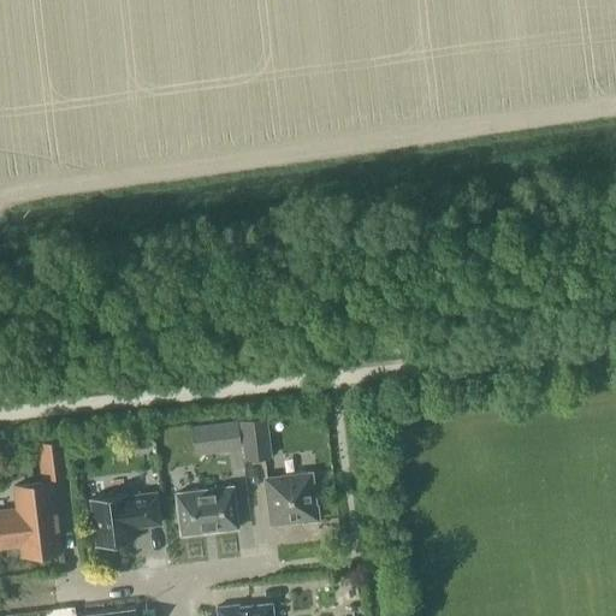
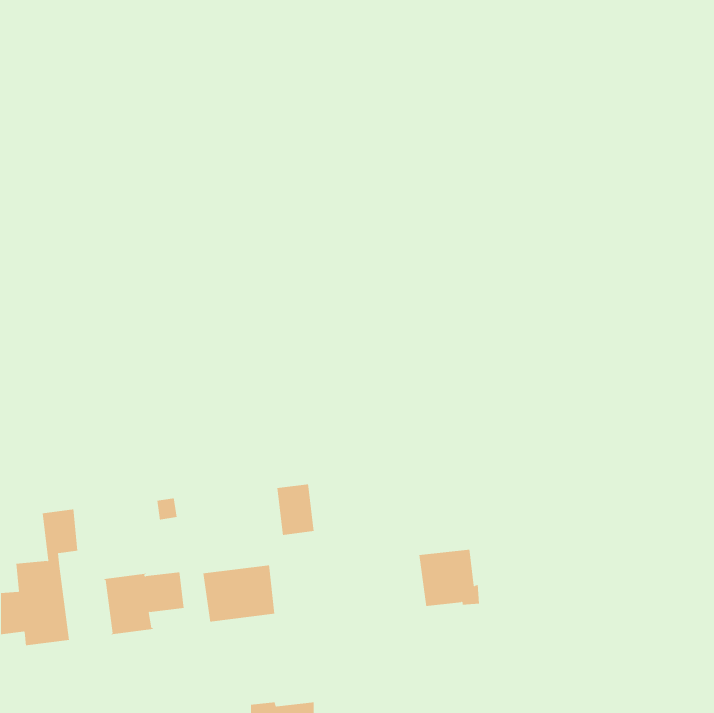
building: [190,421,241,457] -> none
building: [265,475,318,525] -> [419,549,480,607]

